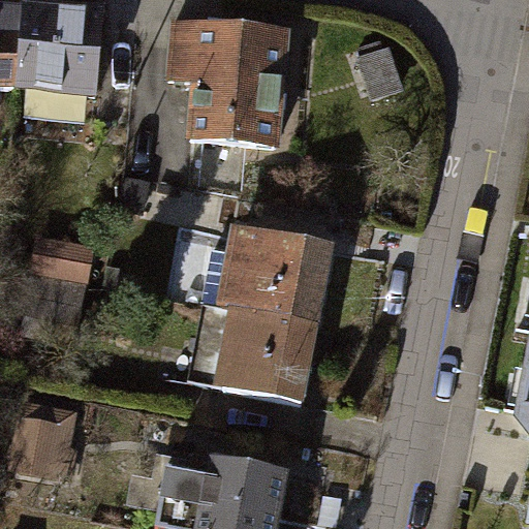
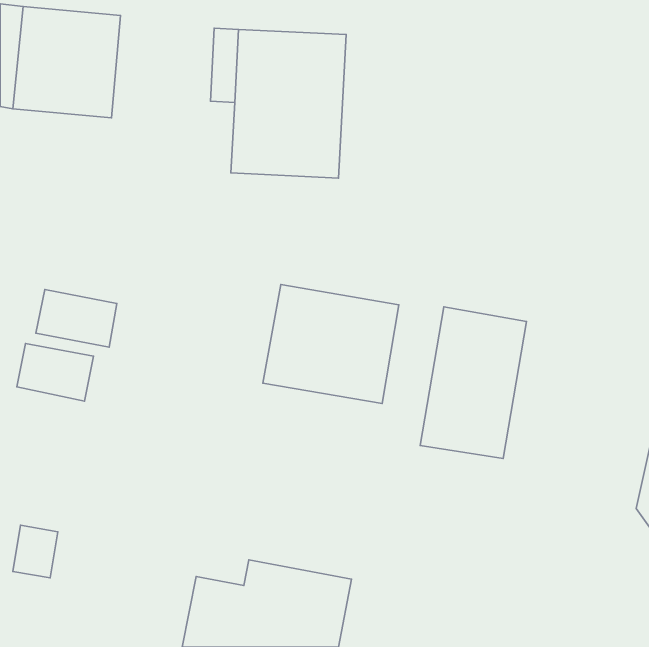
building: none -> [420,307,526,459]
building: [195,307,313,400] -> none

